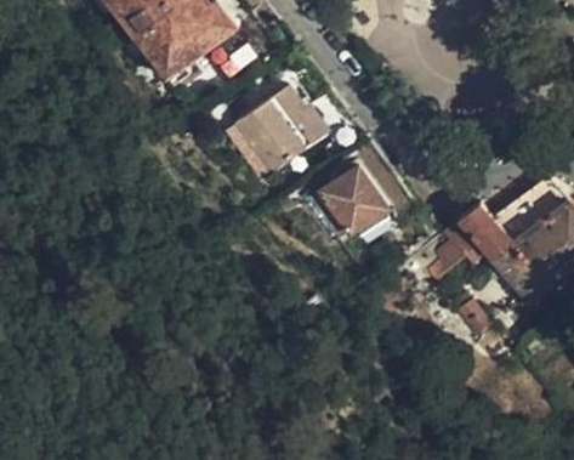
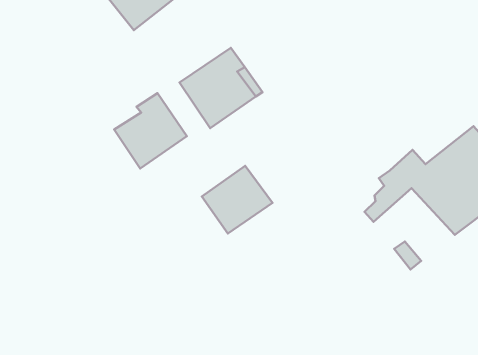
building: none -> [114,93,187,168]
building: [309,166,388,242] -> [202,166,272,233]

